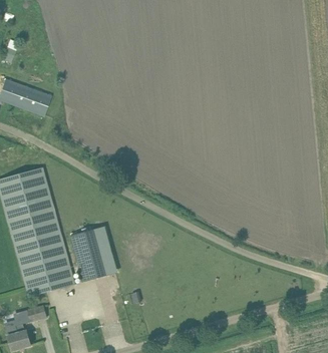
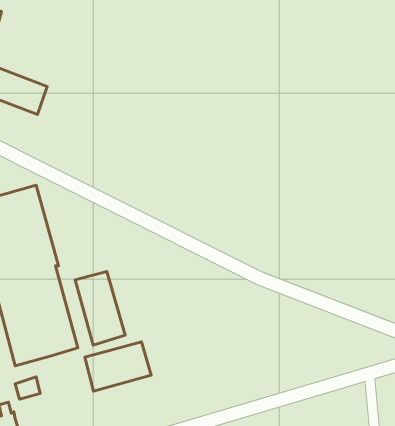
building: none -> [85,342,151,391]

